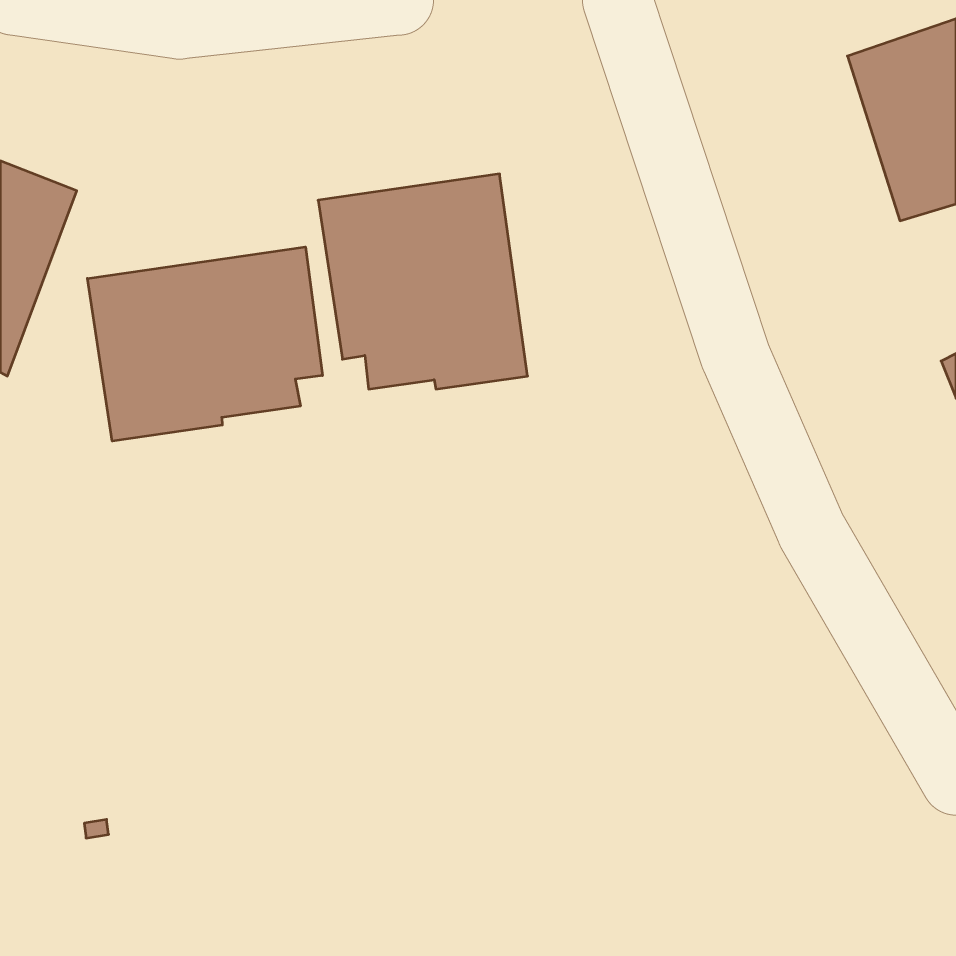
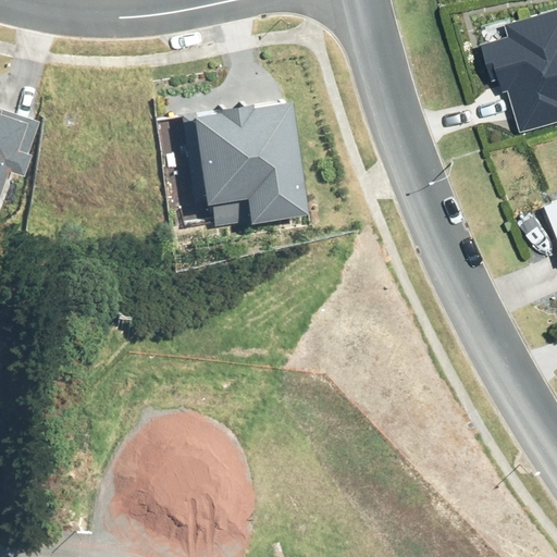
building: [87,247,322,441] -> none

